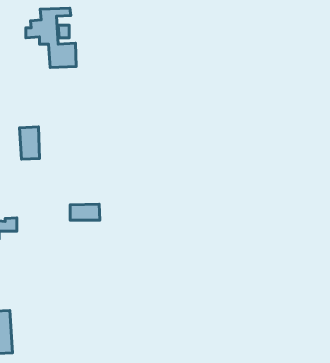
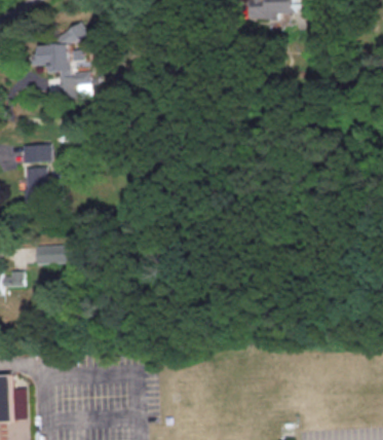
building: none -> [23,144,50,162]
building: [70,204,100,220] -> [35,245,69,263]

